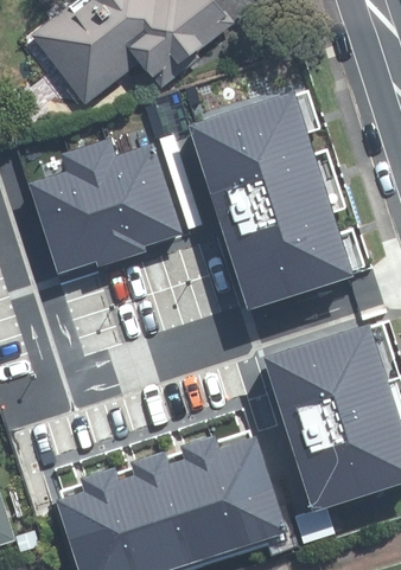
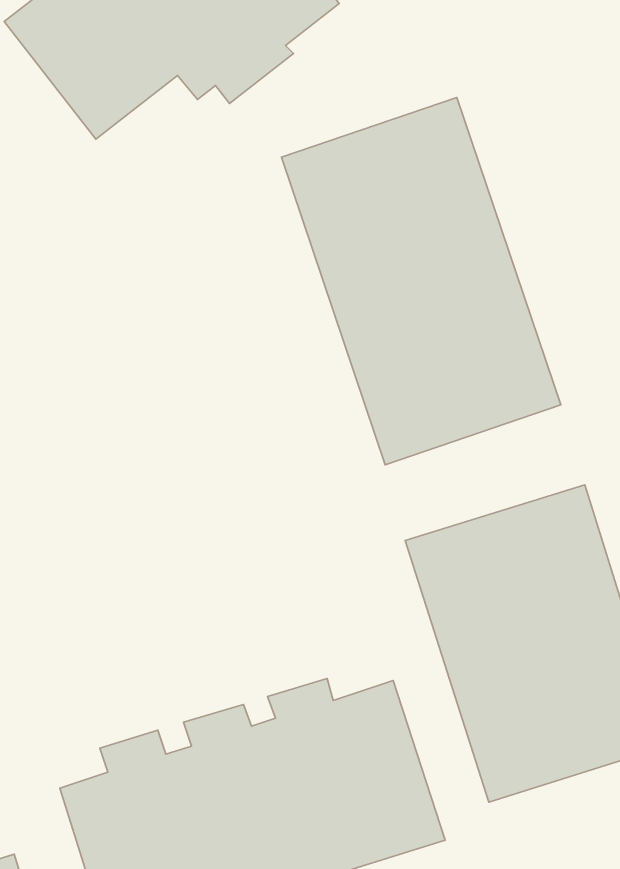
building: [27,135,183,273] -> none

